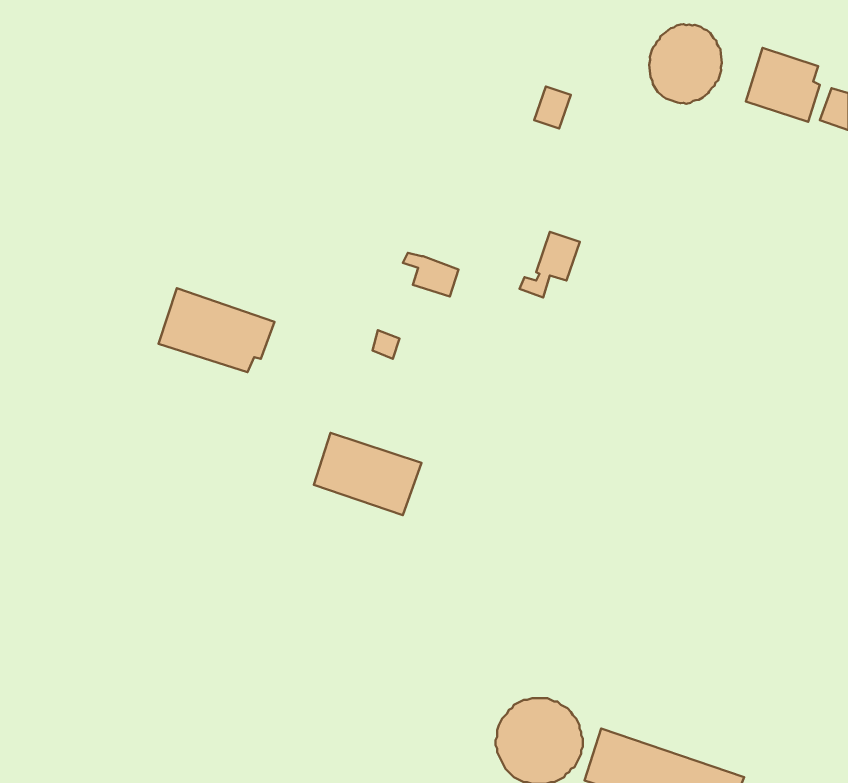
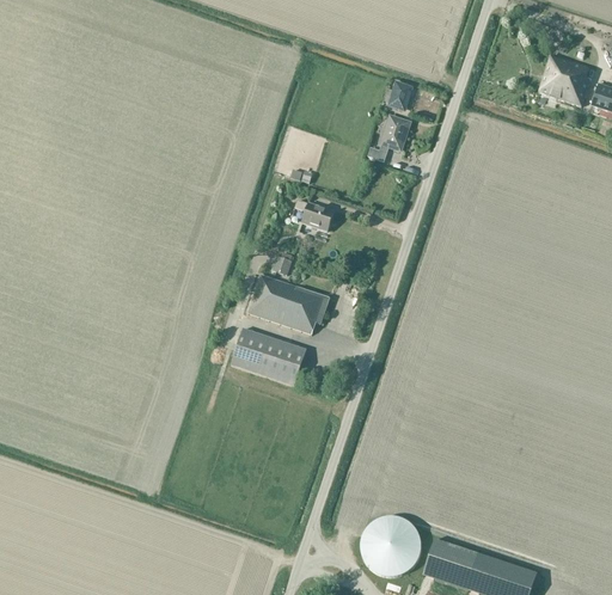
building: [649,24,722,104] -> none
building: [519,232,580,297] -> [367,115,410,161]
building: [158,288,274,372] -> [247,274,330,333]

